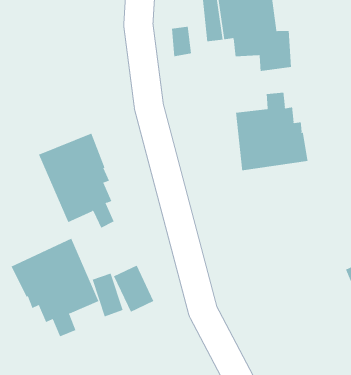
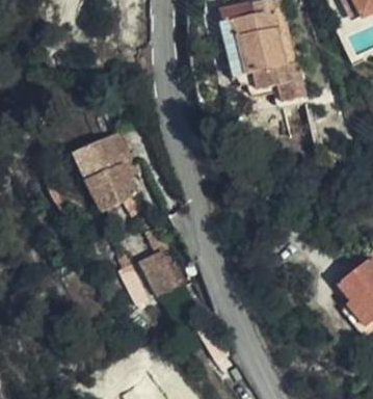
building: [235,92,308,171] -> none
building: [11,238,99,337] -> none

